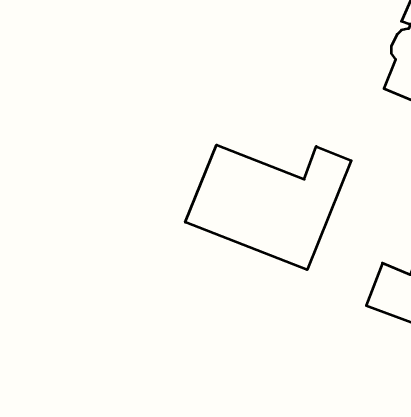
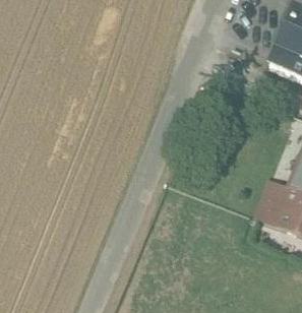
building: [185,145,351,270] -> none

